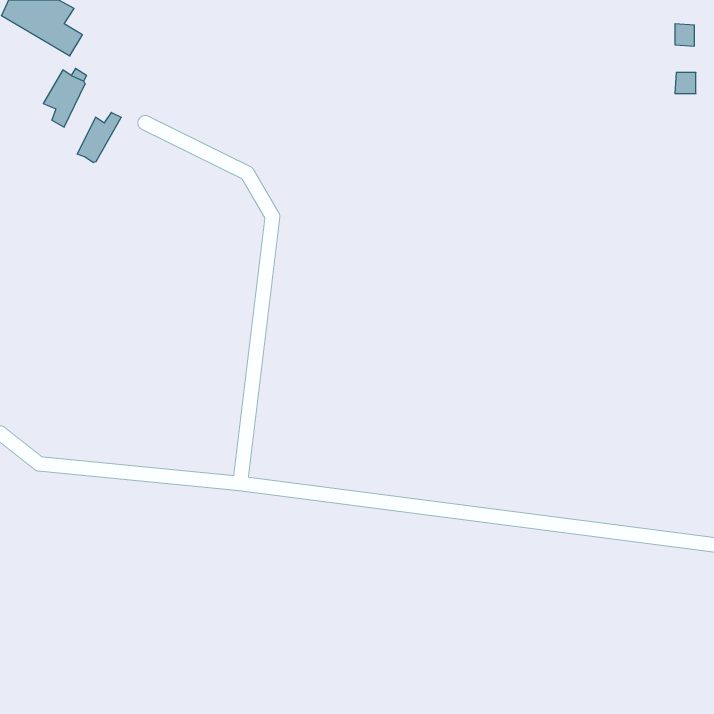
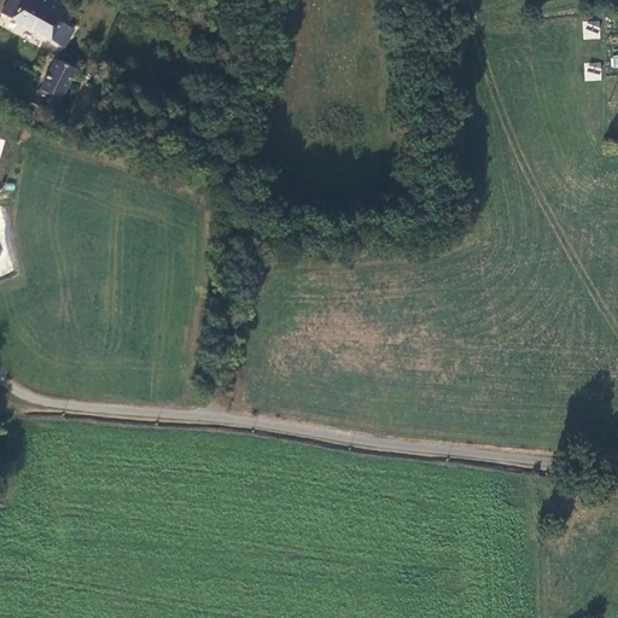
building: [77,112,121,163] -> none

